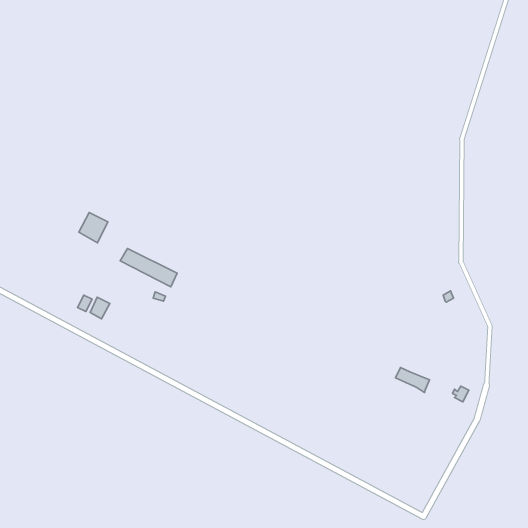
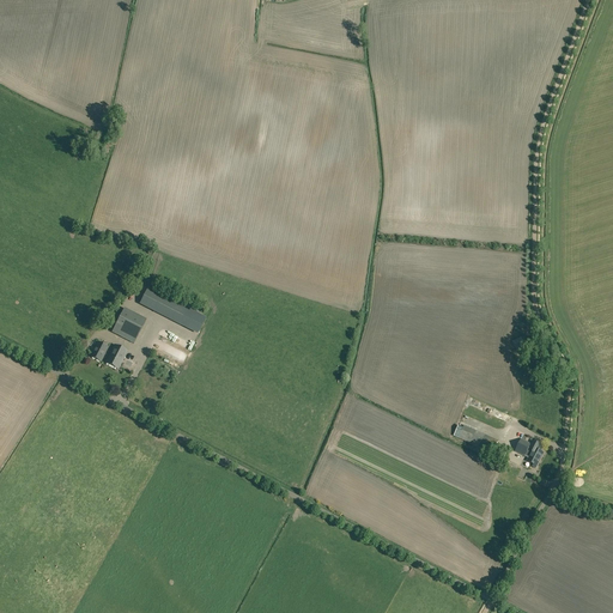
building: [79,213,108,243] -> [111,308,145,342]

